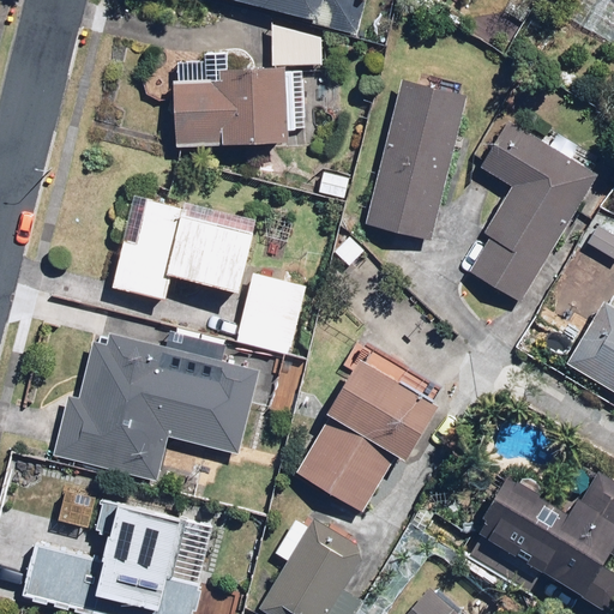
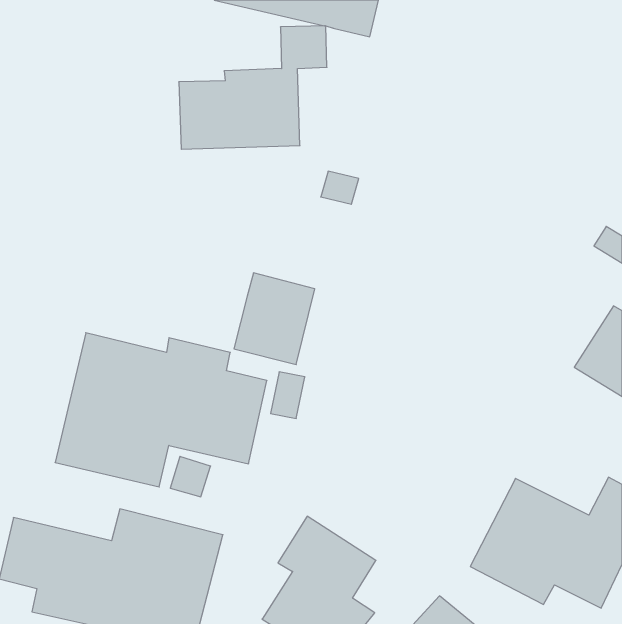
building: [366,77,466,241] -> none
building: [464,121,596,301] -> none
building: [112,195,259,302] -> none
building: [296,338,457,513] -> none

